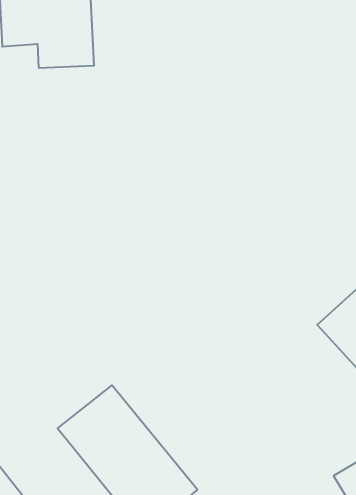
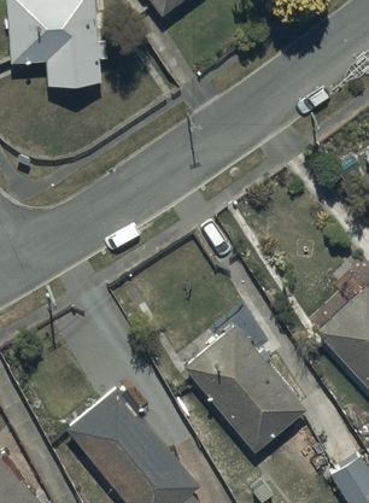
building: none -> [183,323,307,454]

